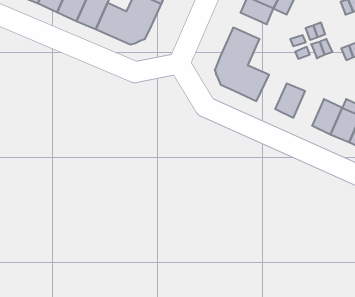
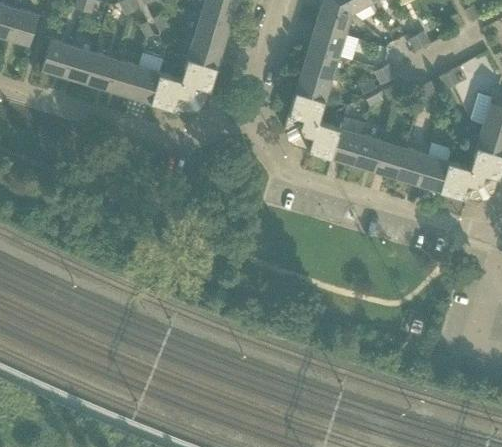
building: none -> [297,65,333,91]
building: none -> [332,128,362,164]
building: none -> [374,141,404,177]

